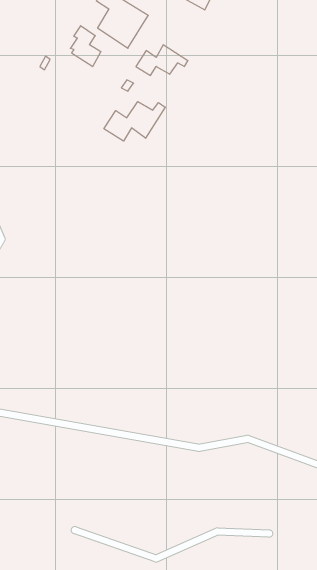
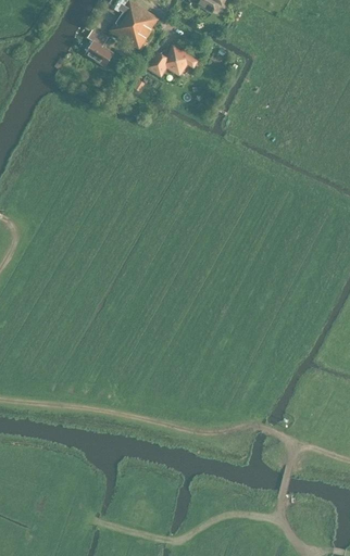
building: [104,102,165,141] -> none

